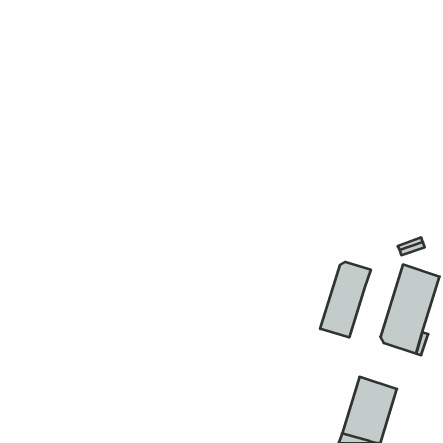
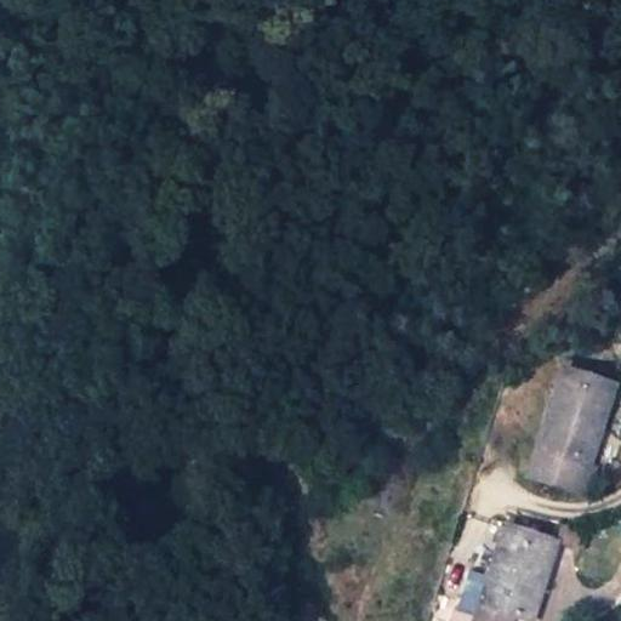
building: [320,262,371,337] -> none

